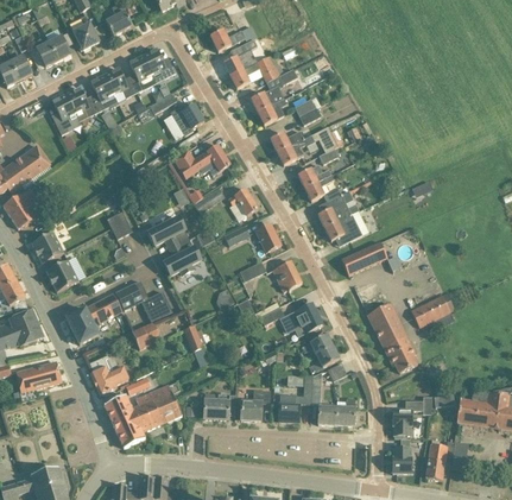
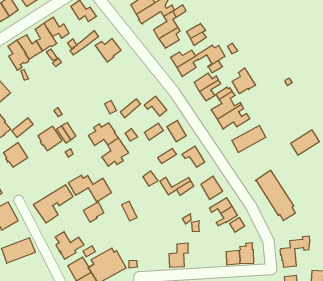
building: [129,56,156,91] -> none
building: [172,144,230,177] -> none
building: none -> [232,68,256,94]
building: [46,260,78,292] -> [38,126,62,151]
building: [411,295,450,327] -> [291,130,319,155]
building: [278,375,312,423] -> none
building: [203,393,235,419] -> none

